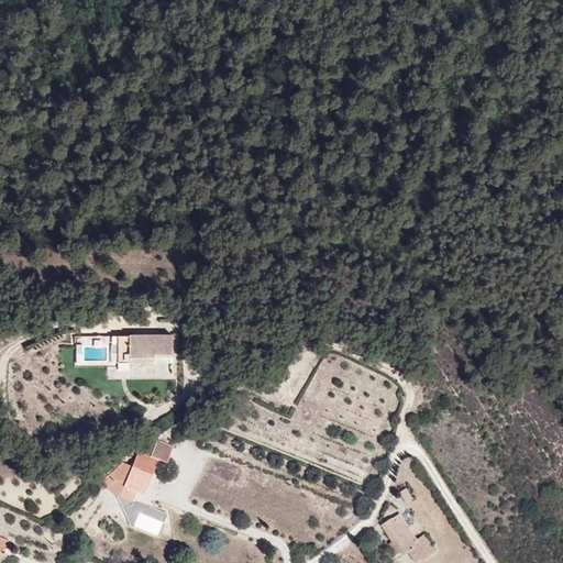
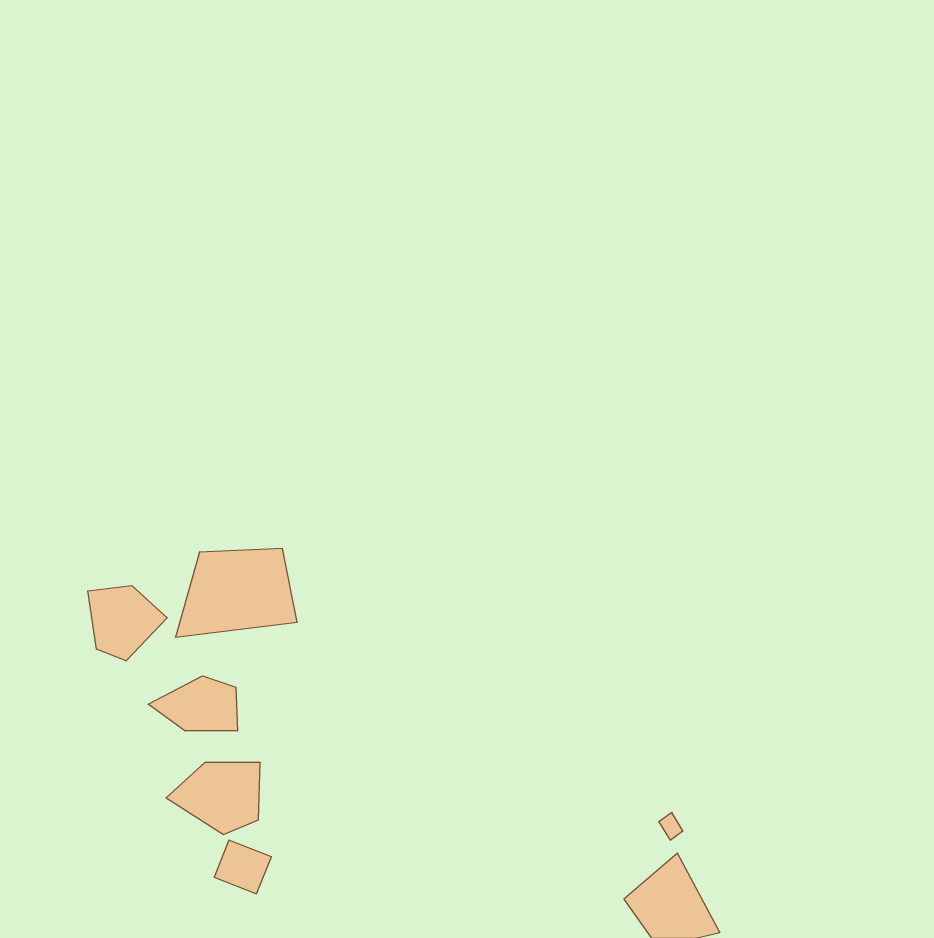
building: none -> [88,586,167,661]
building: none -> [148,676,237,731]

